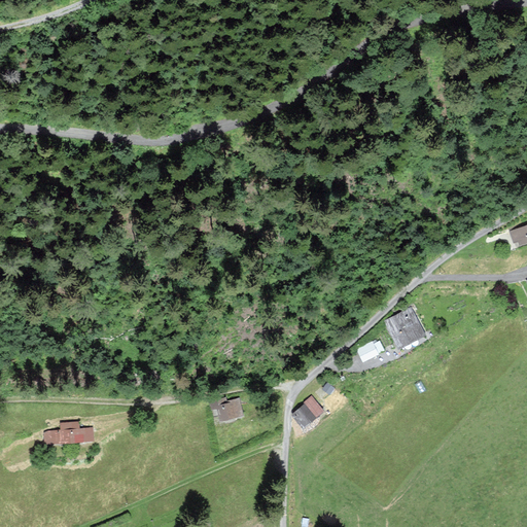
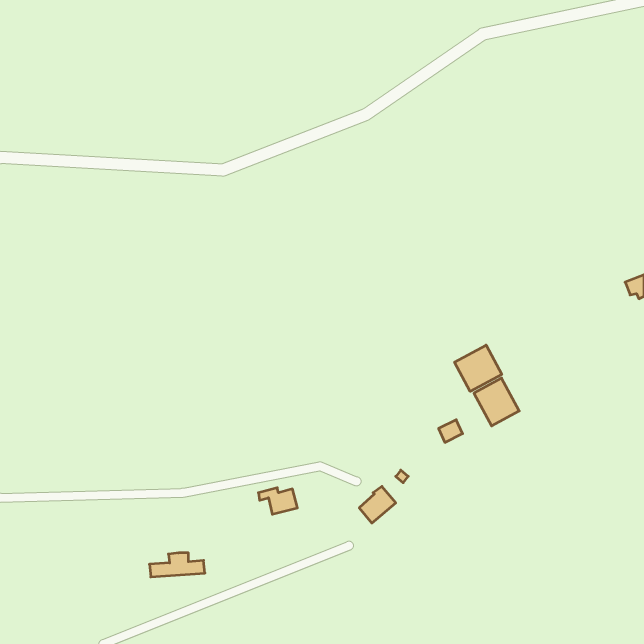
building: none -> [455,345,502,391]
building: [46,423,92,443] -> [149,553,205,577]

